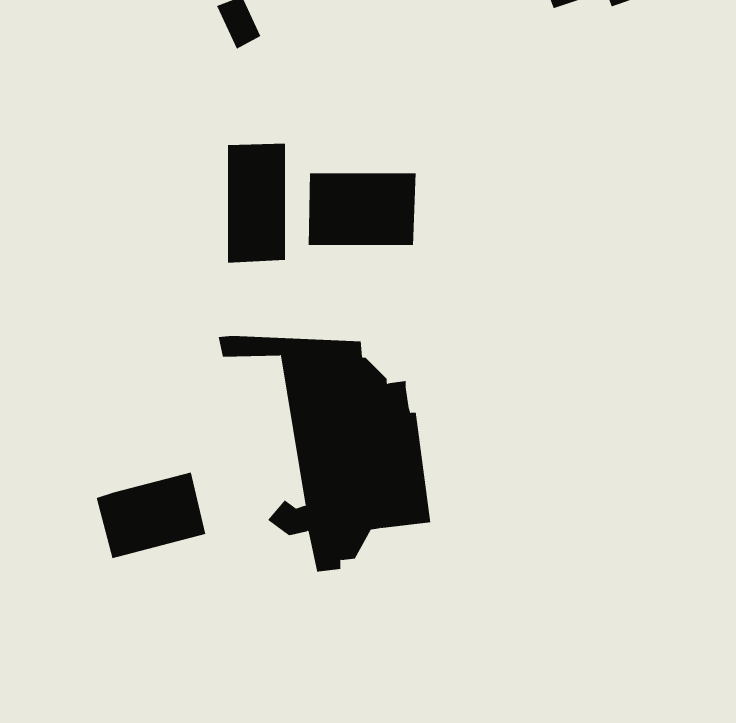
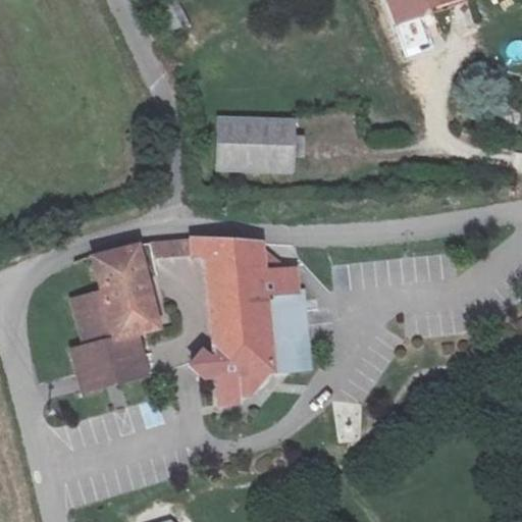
building: [227,143,286,264] -> none
building: none -> [71,240,160,346]

